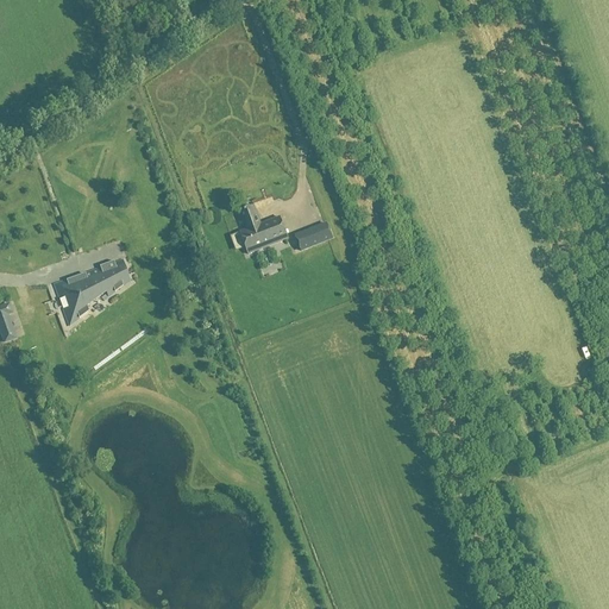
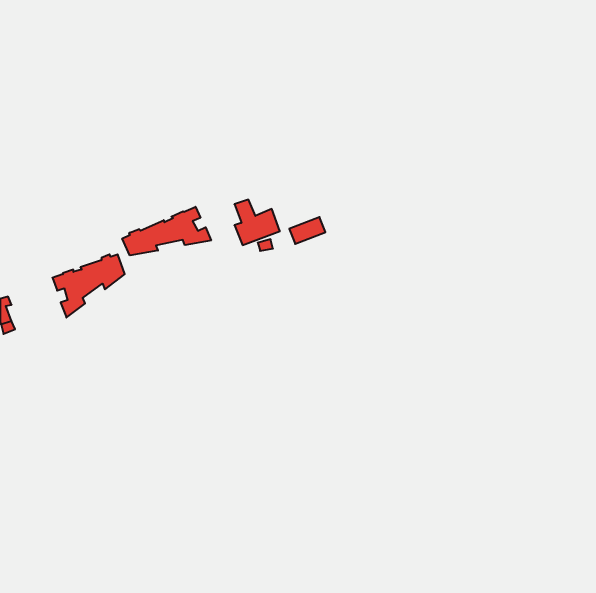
building: none -> [122,207,211,255]

